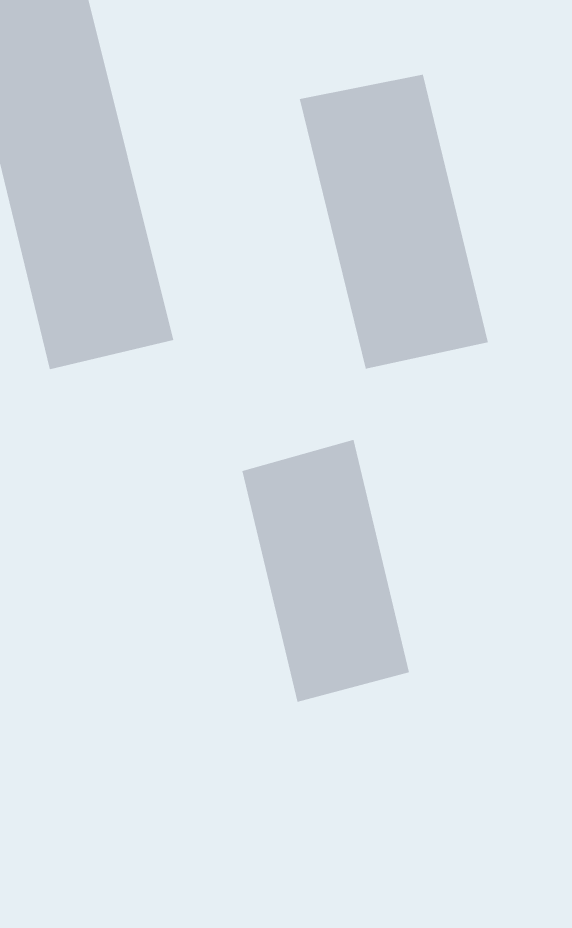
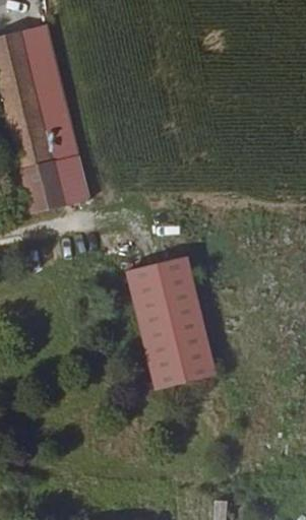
building: [299,74,489,370] -> none

